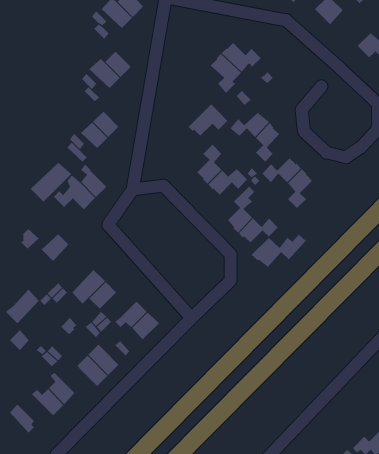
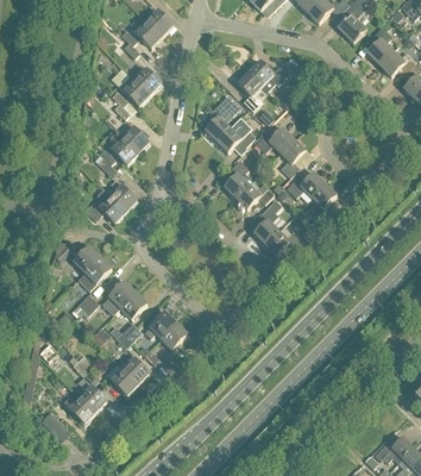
building: none -> [367,26,392,63]
building: none -> [205,94,237,142]
building: [30,162,72,203] -> none
building: [251,234,307,268] -> none
building: [5,289,40,324] -> [77,256,111,290]

